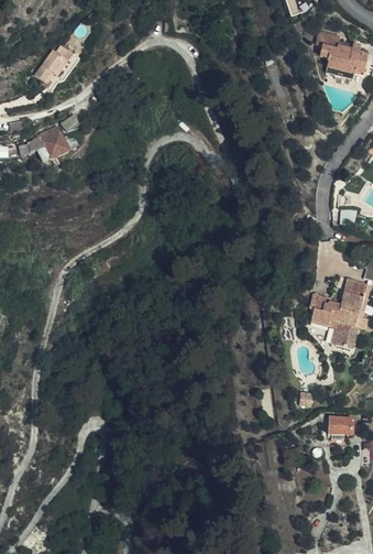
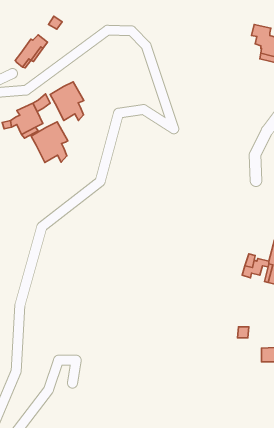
building: none -> [50,82,84,121]
building: none -> [31,122,68,163]

